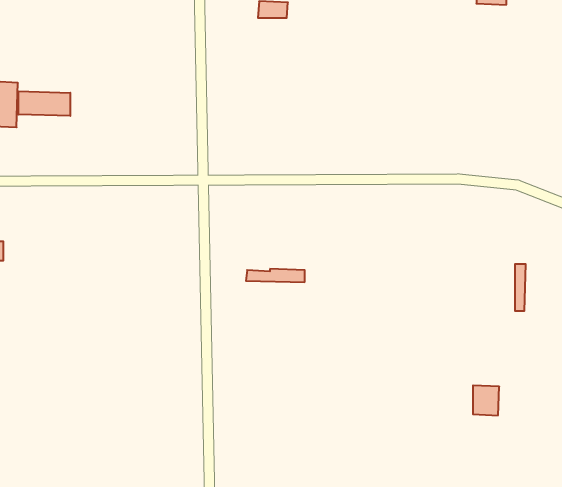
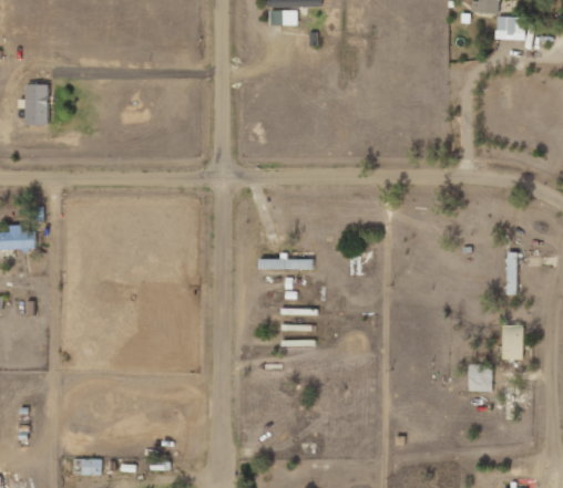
building: none -> [495,17,525,40]
building: [18,91,70,116] -> none
building: none -> [502,326,522,360]

